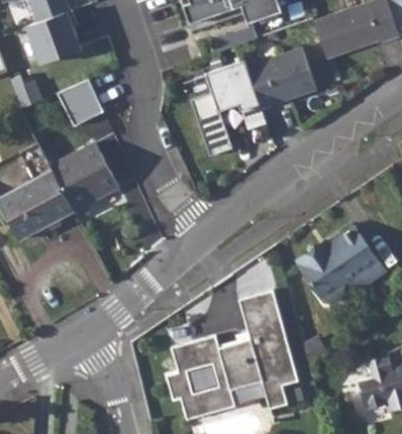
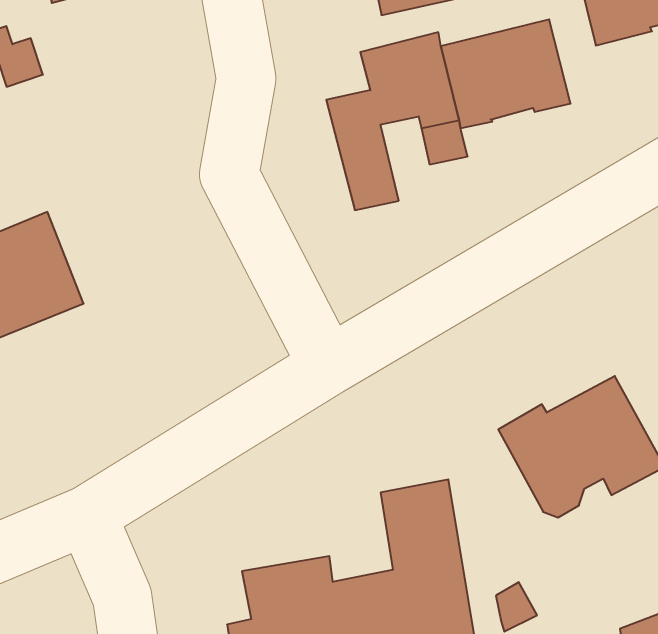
building: [62,80,105,124] -> none
building: [52,144,119,212] -> none

